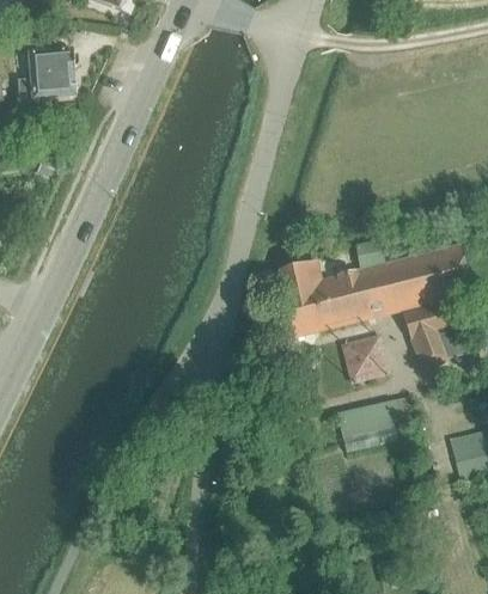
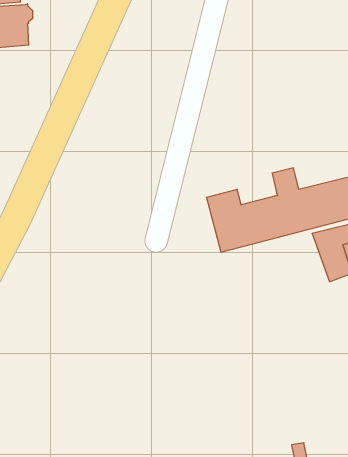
building: [342,329,392,380] -> none
building: [336,399,399,451] -> none

